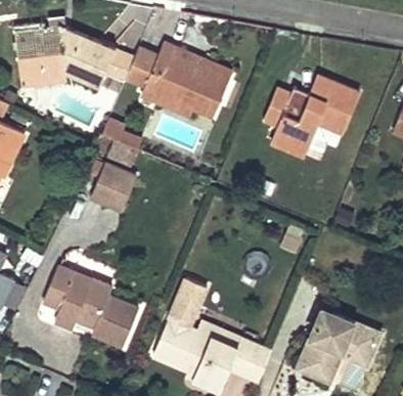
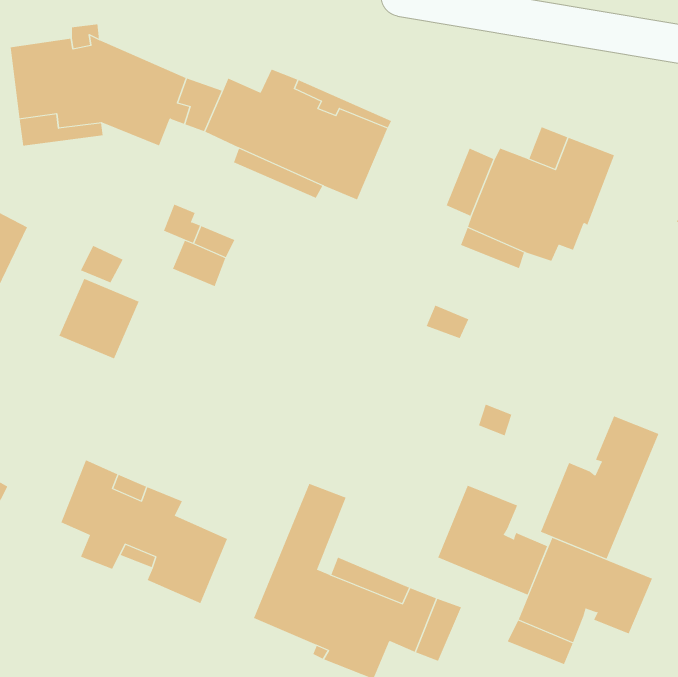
building: [90,164,136,210] -> [59,278,140,359]
building: none -> [540,415,659,560]
building: none -> [437,485,548,595]

